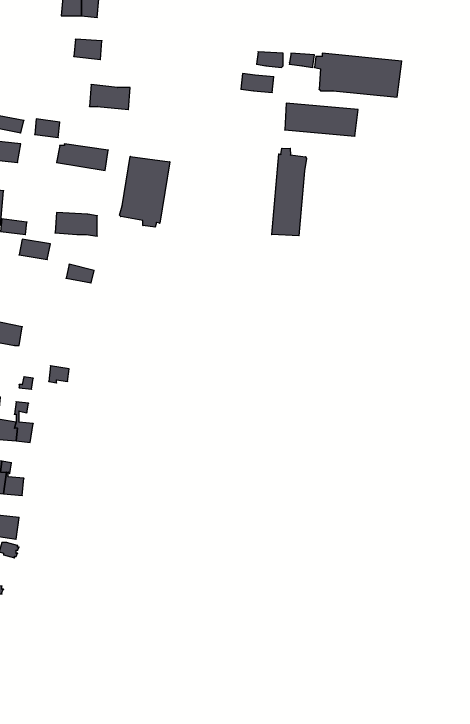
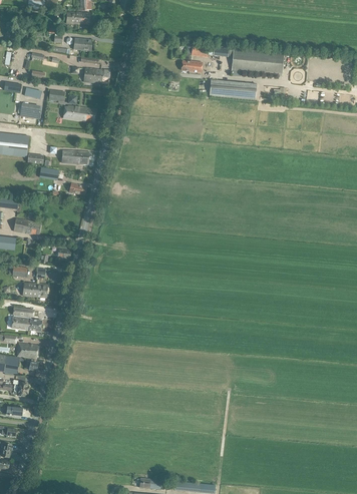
building: [272,148,307,236] -> none
building: [119,156,170,227] -> none

